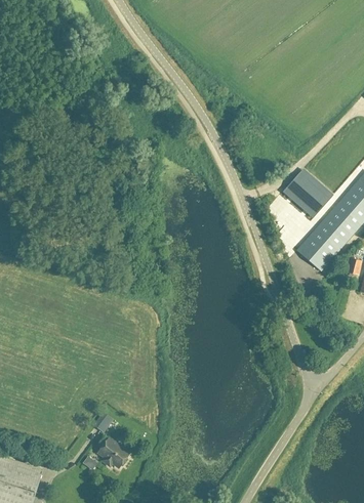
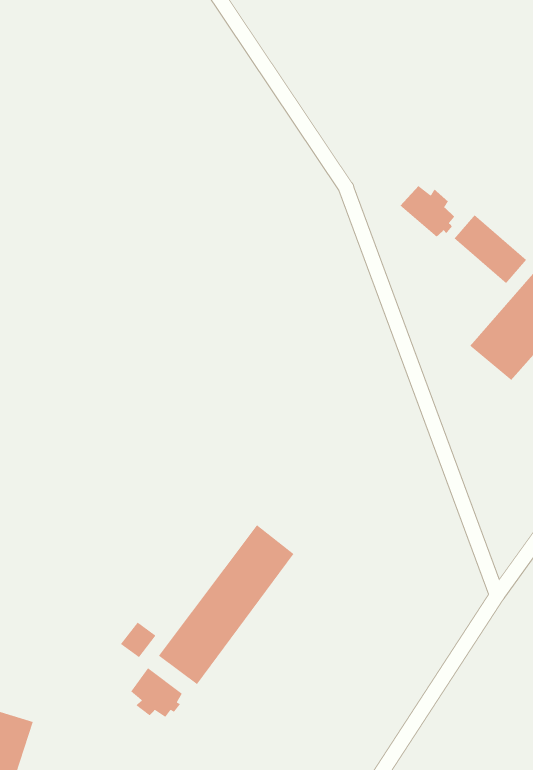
building: none -> [400,185,455,238]
building: none -> [158,524,294,685]

